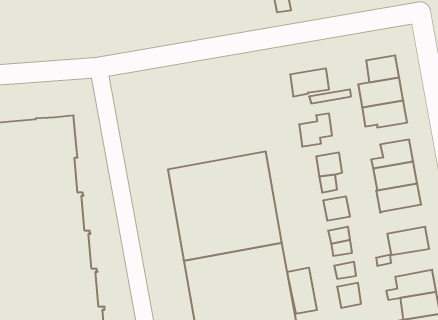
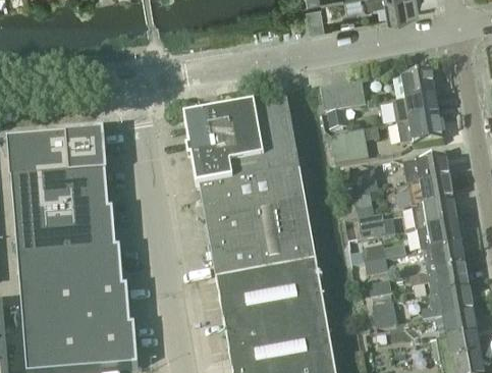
building: none -> [187,102,299,189]
building: none -> [418,224,461,254]
building: none -> [428,269,469,298]
building: [287,268,317,314] -> none

